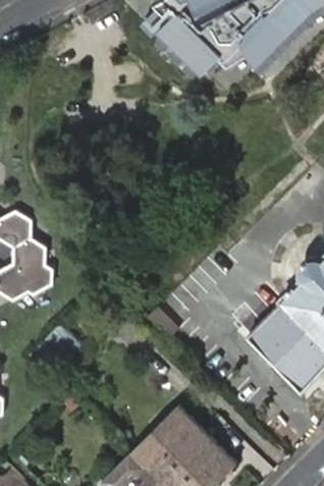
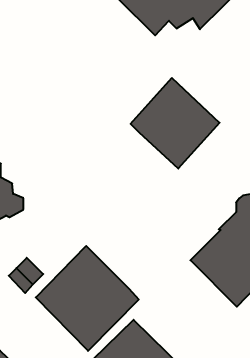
building: none -> [131,78,220,169]
building: none -> [36,246,139,351]

